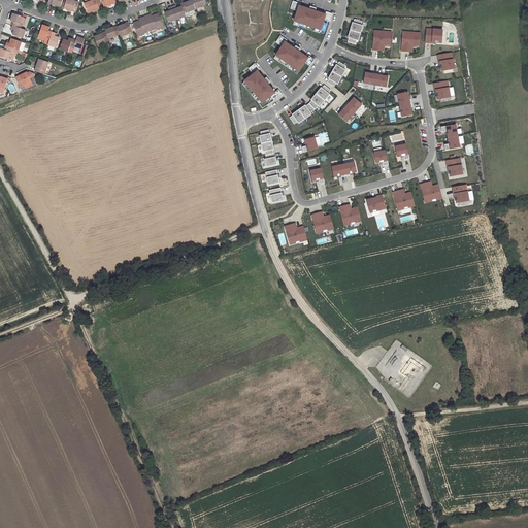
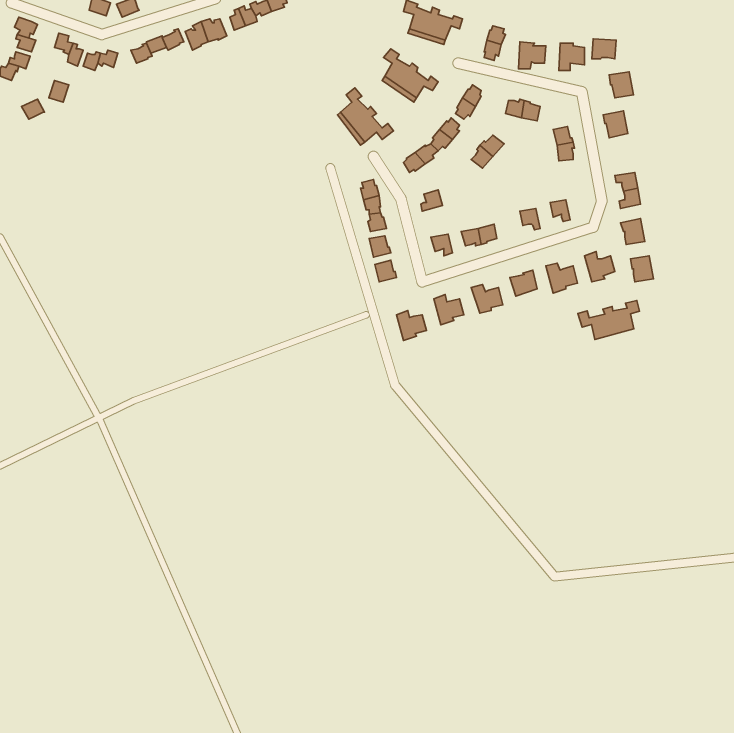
building: none -> [578,300,640,340]

